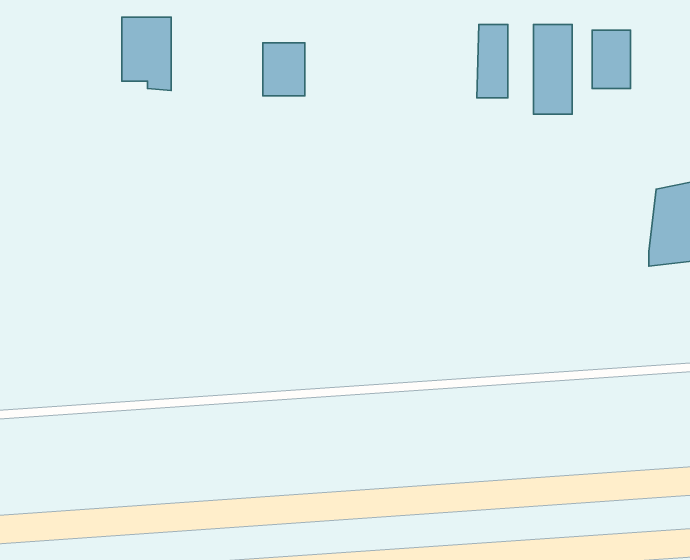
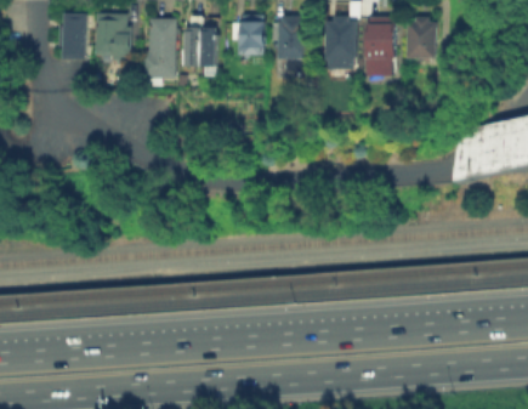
building: none -> [66,16,89,61]
building: none -> [284,16,310,59]
building: none -> [146,22,177,86]
building: none -> [243,25,265,55]

